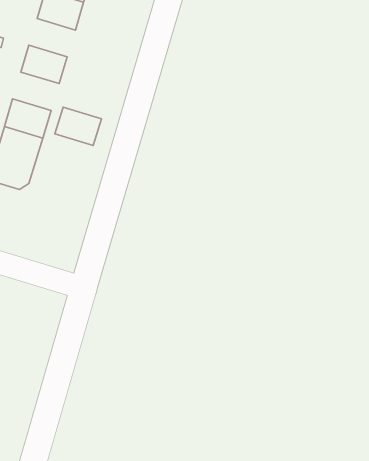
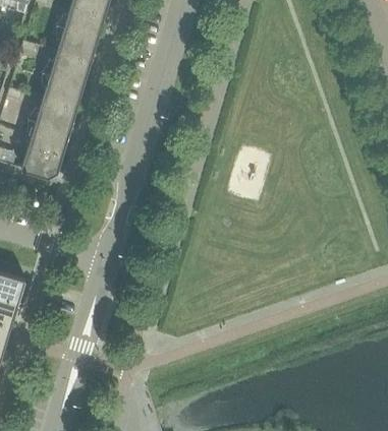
building: none -> [57,27,98,61]
building: [55,107,101,145] -> [43,74,84,108]

